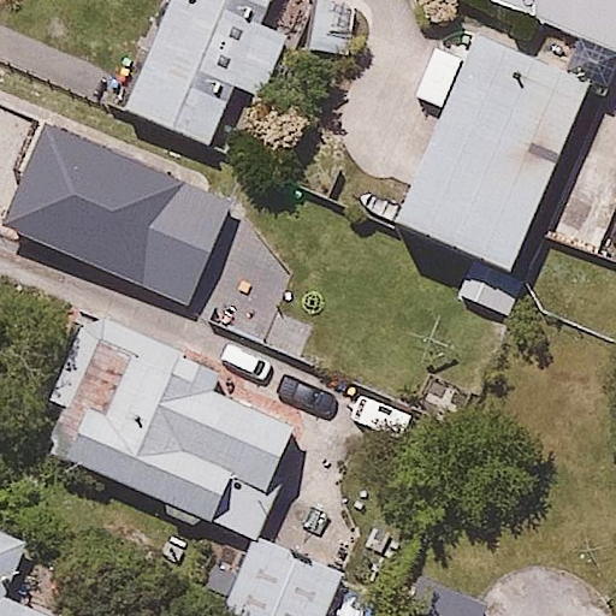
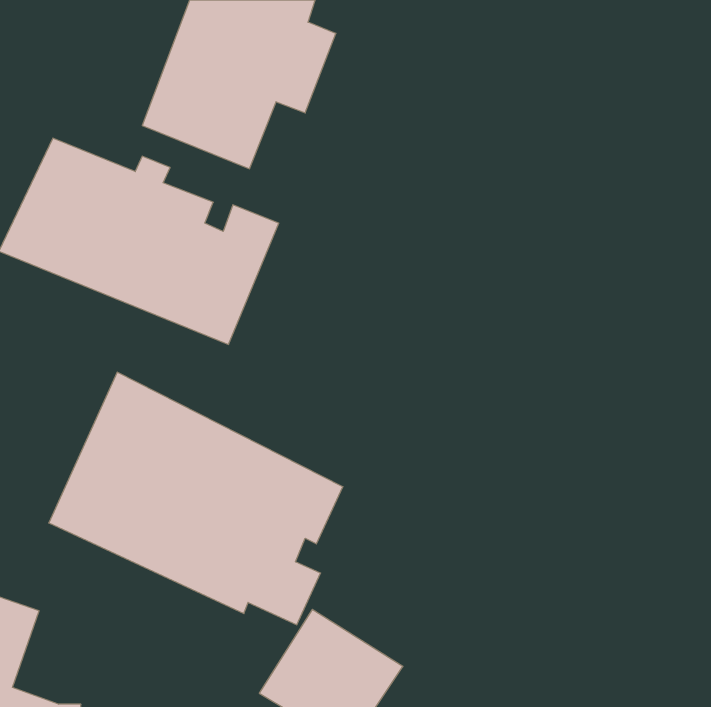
building: [391,28,587,273] -> none

